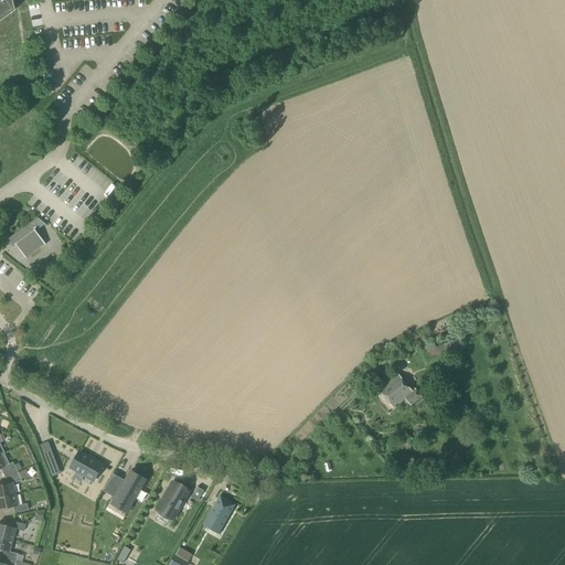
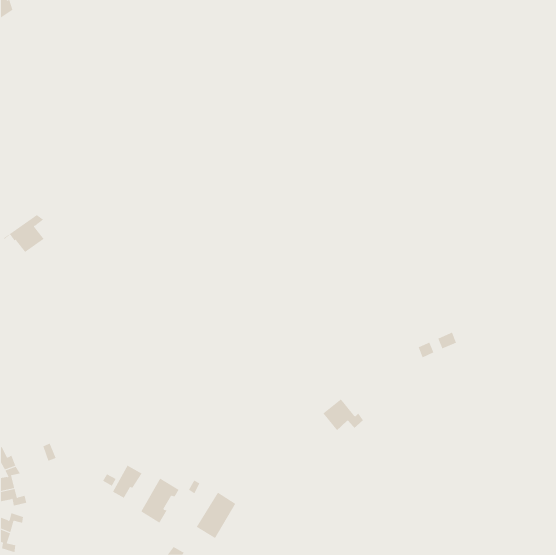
building: [379,374,420,407] -> [323,398,364,431]
building: [71,450,104,480] -> none

